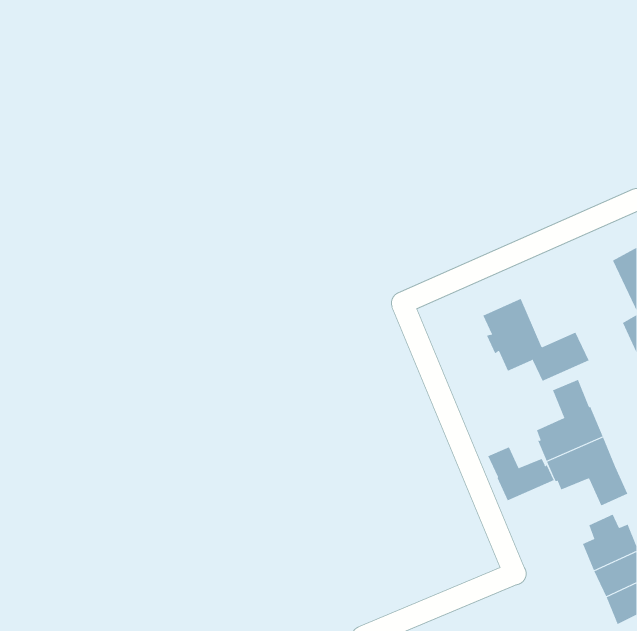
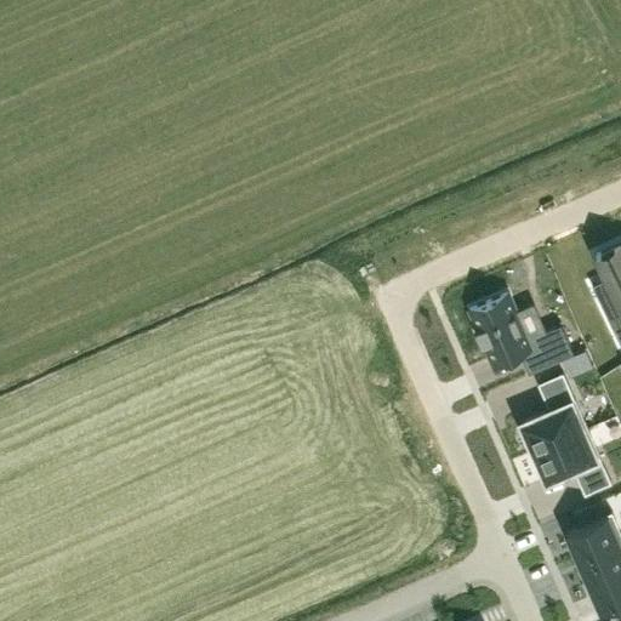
building: [488,446,554,501] -> none

